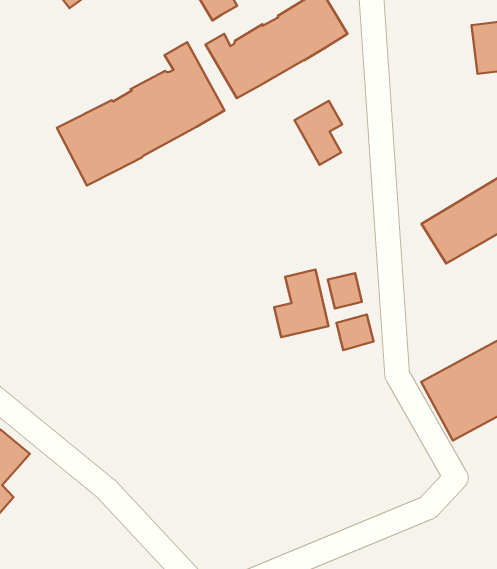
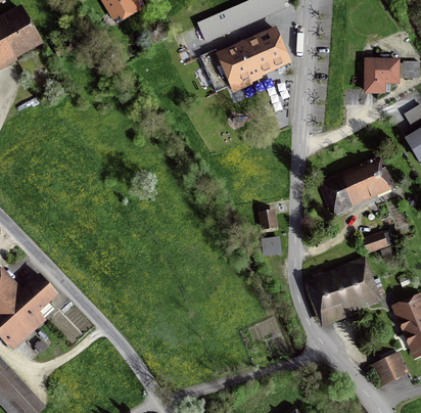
building: [57,42,225,185] -> none
building: [294,101,342,165] -> none
building: [274,270,329,337] -> none

